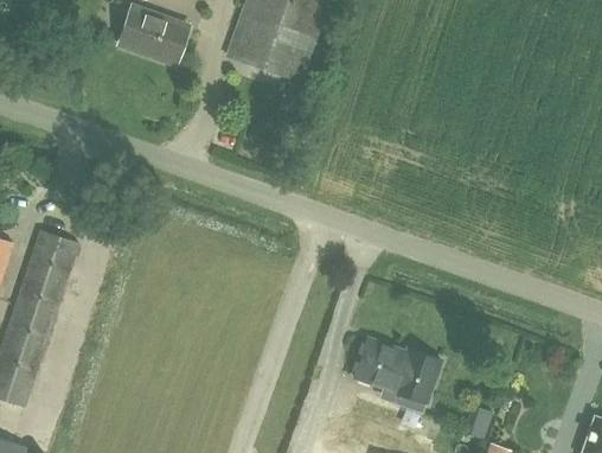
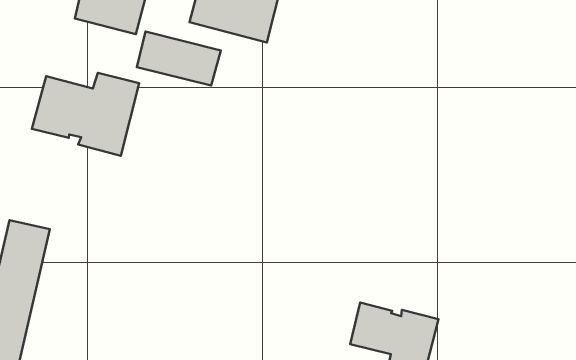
building: none -> [137,31,221,85]
building: none -> [32,73,139,156]

